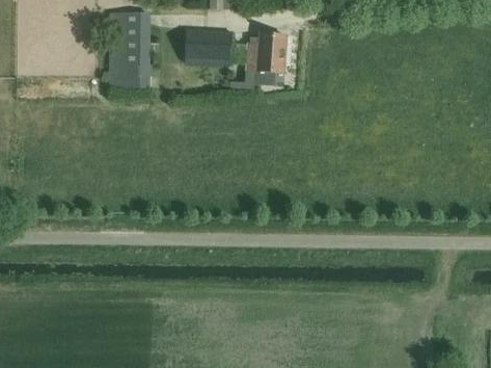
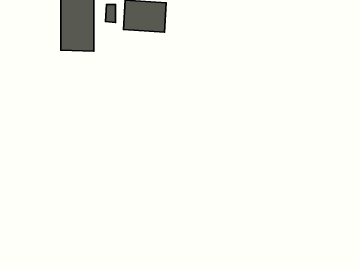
building: [245,32,285,83] -> none

